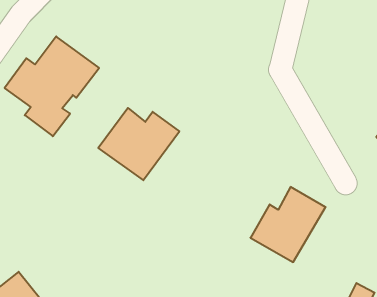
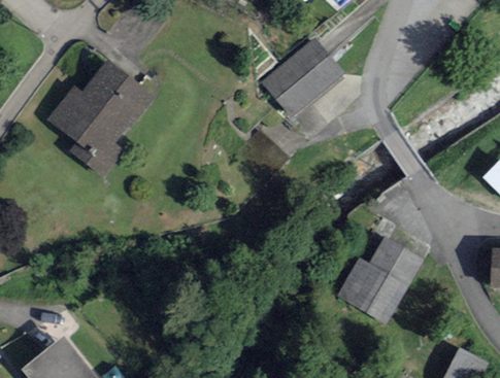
building: none -> [265,38,340,110]
building: [98,108,179,180] -> none

